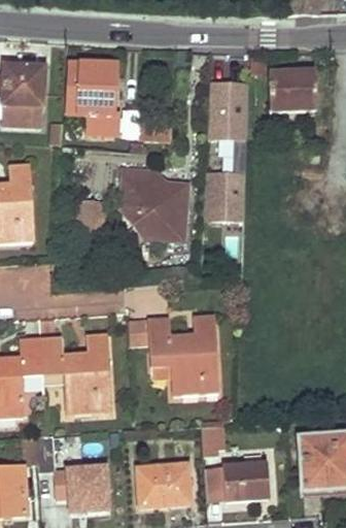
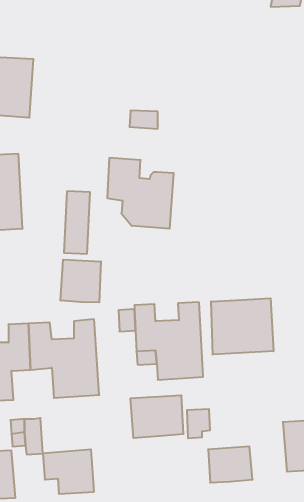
building: [65,61,118,132] -> none
building: [269,70,316,109] -> none
building: [204,80,248,218] -> none
building: none -> [61,260,101,302]
building: none -> [211,298,273,355]
building: [136,462,191,505] -> [130,396,184,438]

